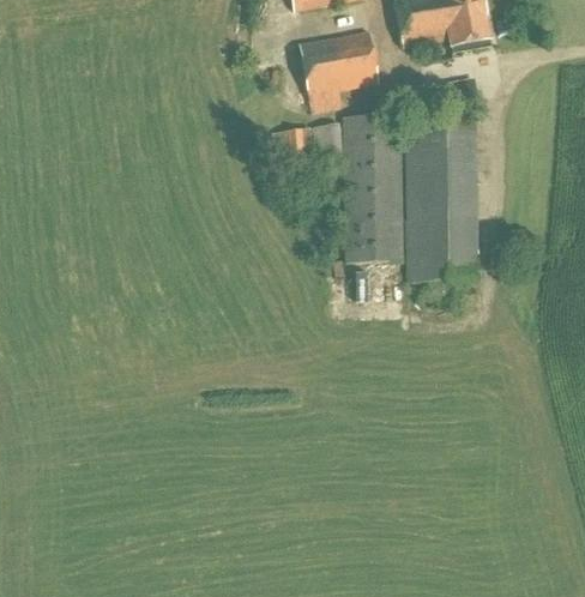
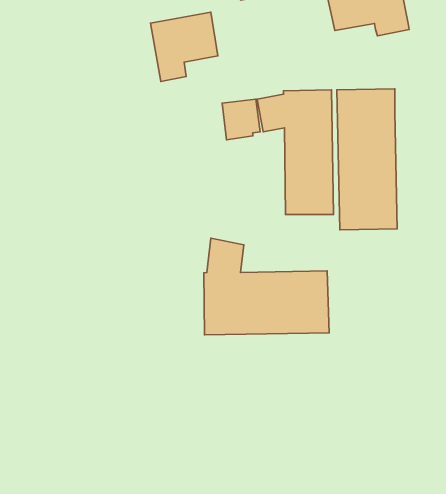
building: [298,30,378,111] -> [151,12,218,82]
building: none -> [204,238,329,335]

